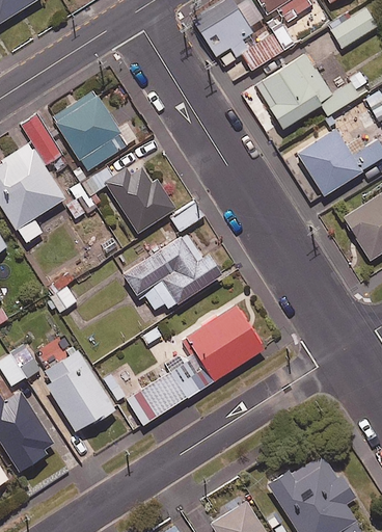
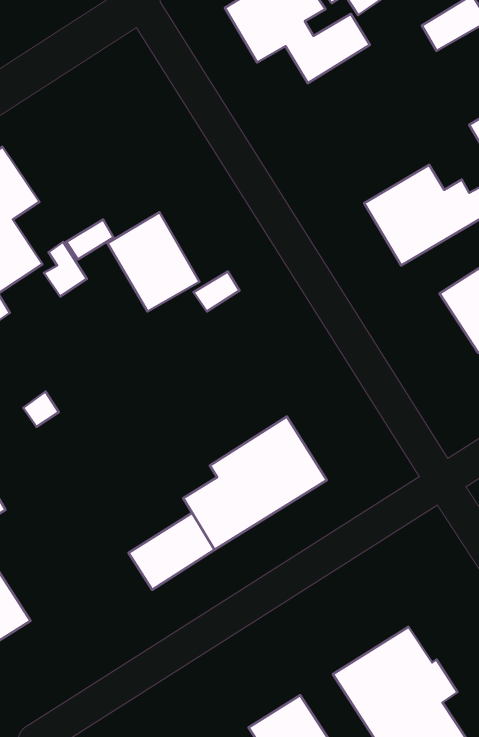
building: [255,53,359,128] -> none
building: [51,90,136,170] -> none
building: [124,234,221,313] -> none
building: [39,350,113,432] -> none

